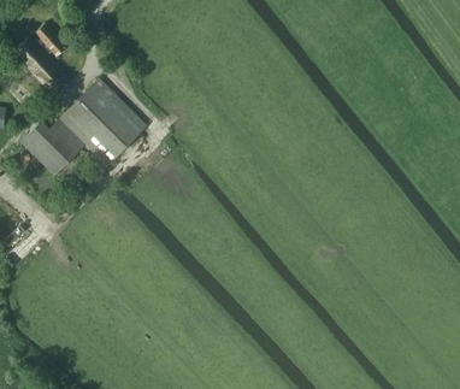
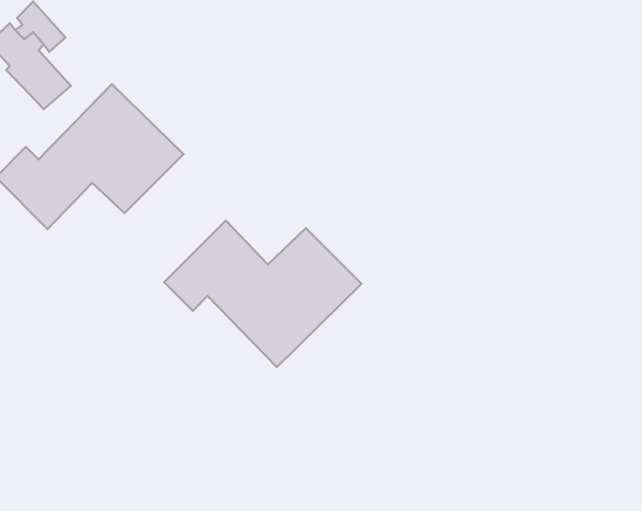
building: none -> [164,220,362,367]

